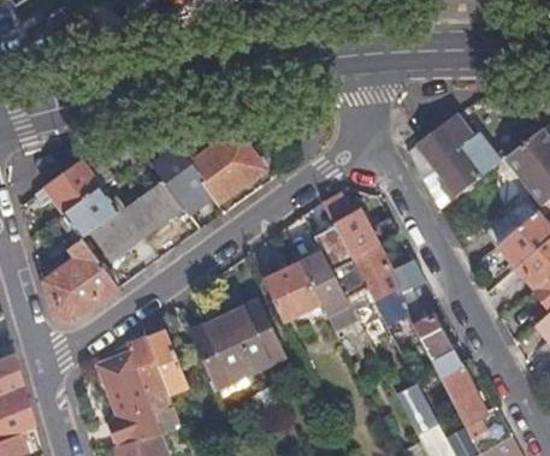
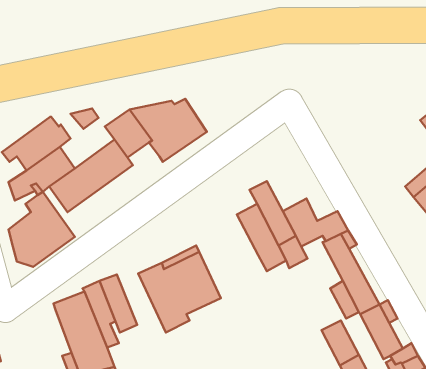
building: [409,117,504,199] -> none
building: [321,197,379,260] -> none
building: [262,263,320,321] -> none

